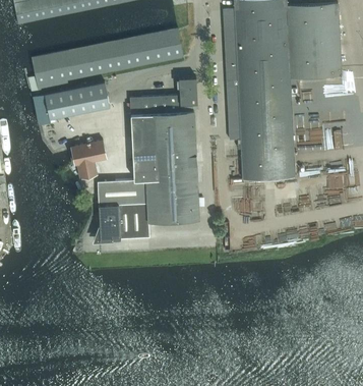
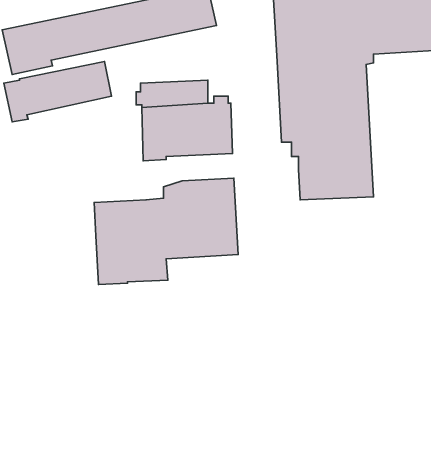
building: [179,76,197,104] -> none
building: [71,140,108,178] -> none
building: [132,147,196,179] -> none

